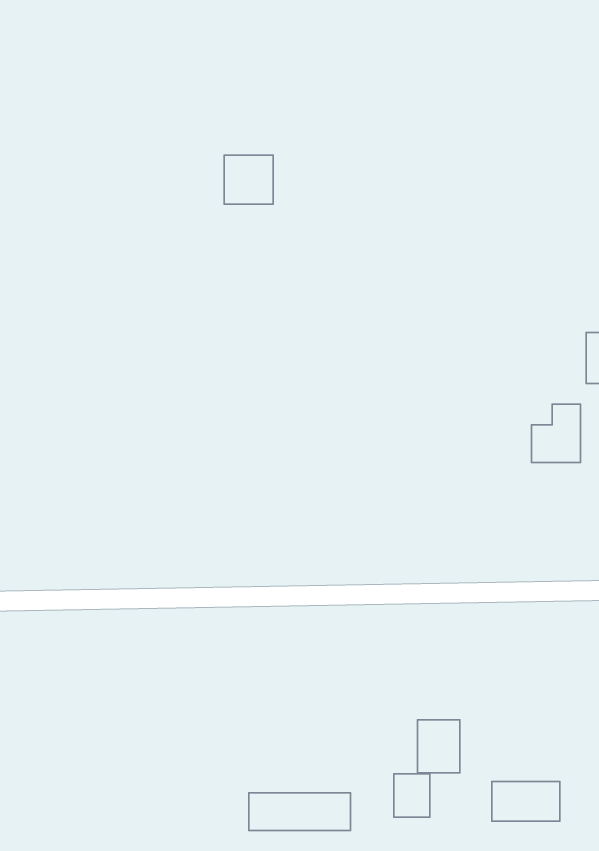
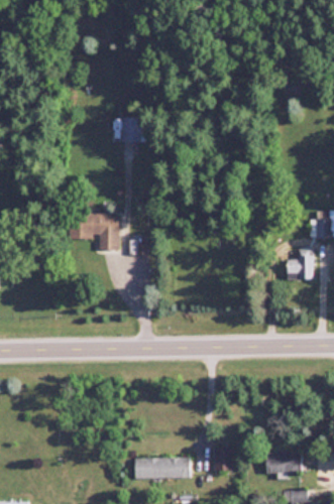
building: none -> [70,214,118,251]
building: [418,720,460,773] -> none

